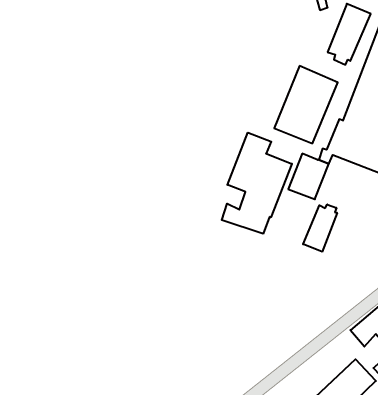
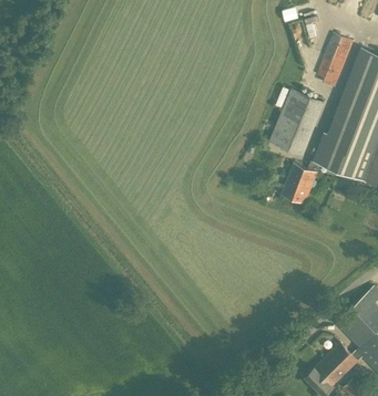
building: [222,133,292,234] -> none
building: [303,204,337,252] -> none

